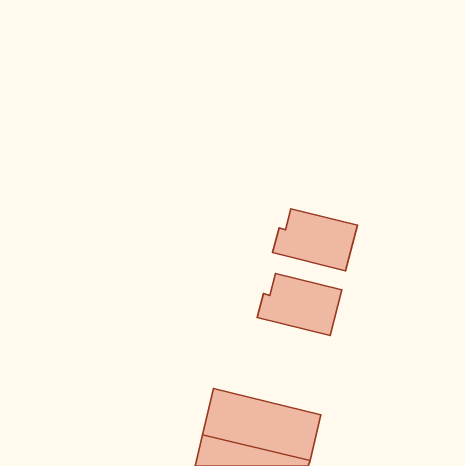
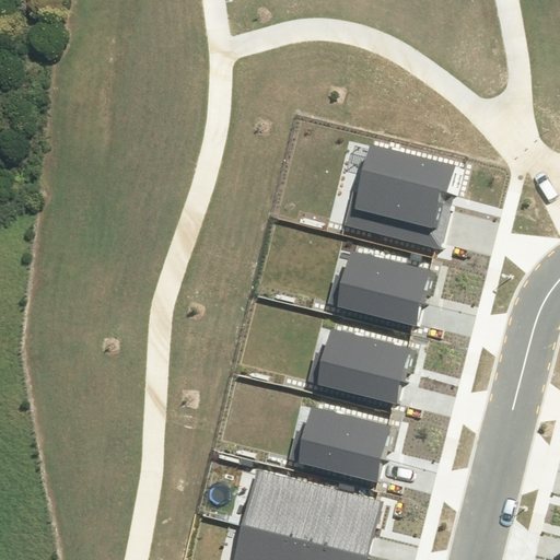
building: none -> [343,145,464,248]
building: none -> [289,407,389,481]

